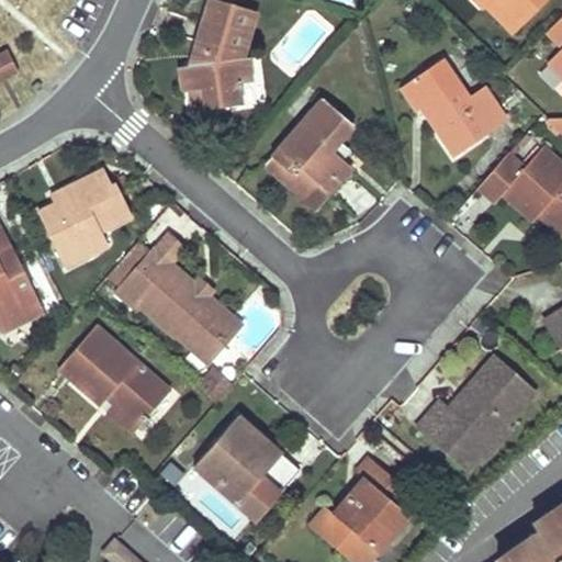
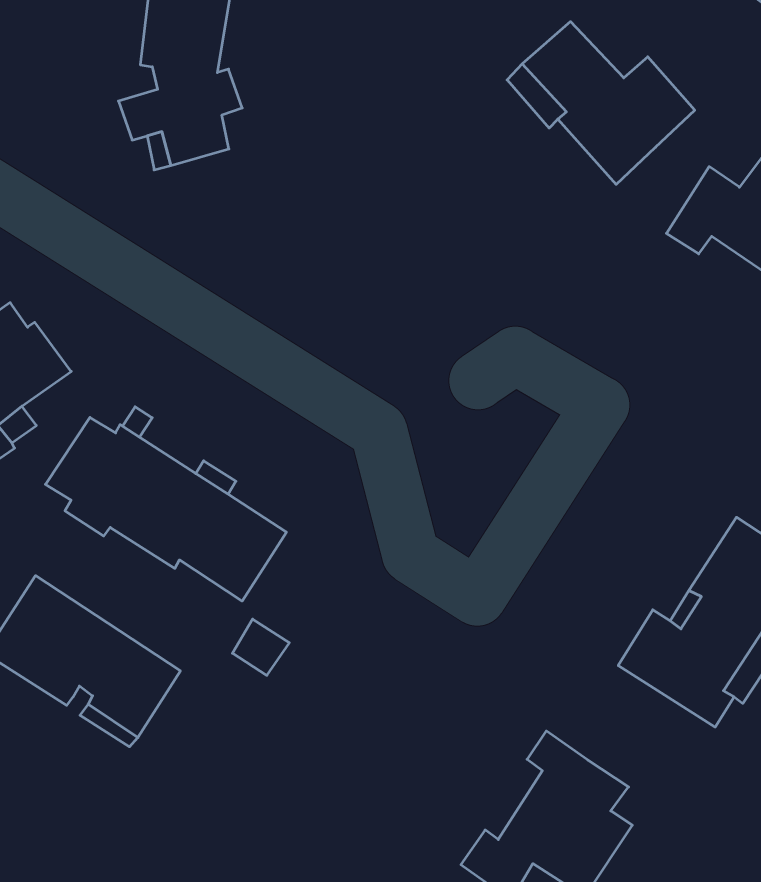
building: [266,100,352,206] -> none
building: [195,418,300,521] -> none

